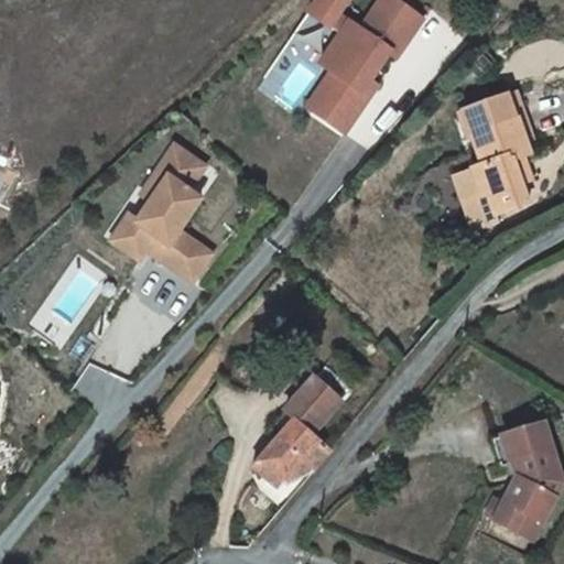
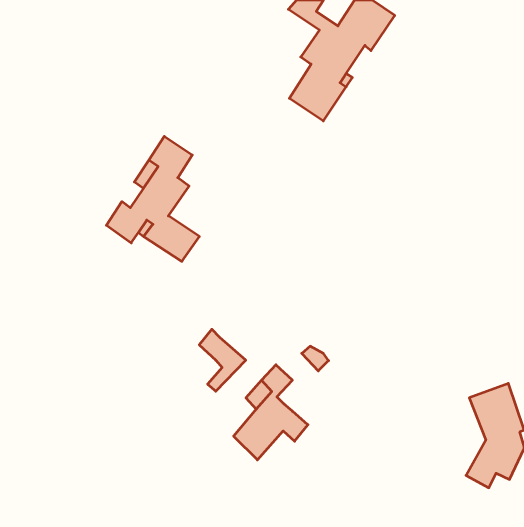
building: [456,95,534,232] -> none
building: [294,373,344,440] -> [199,329,246,391]

